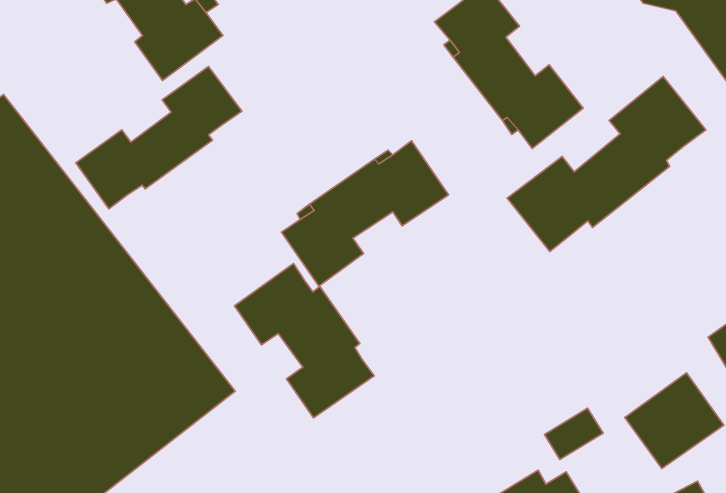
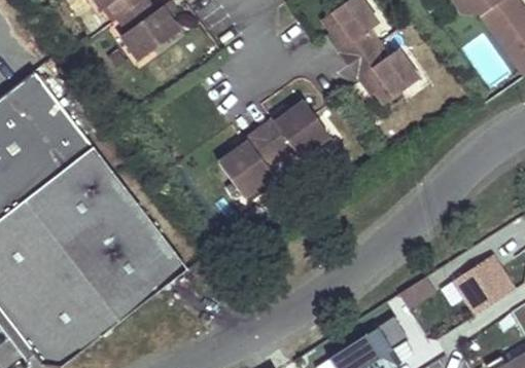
building: [76,67,242,209] -> none
building: [507,77,706,252] -> none
building: [234,263,374,418] -> none

